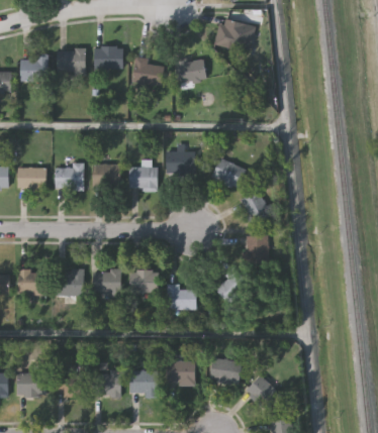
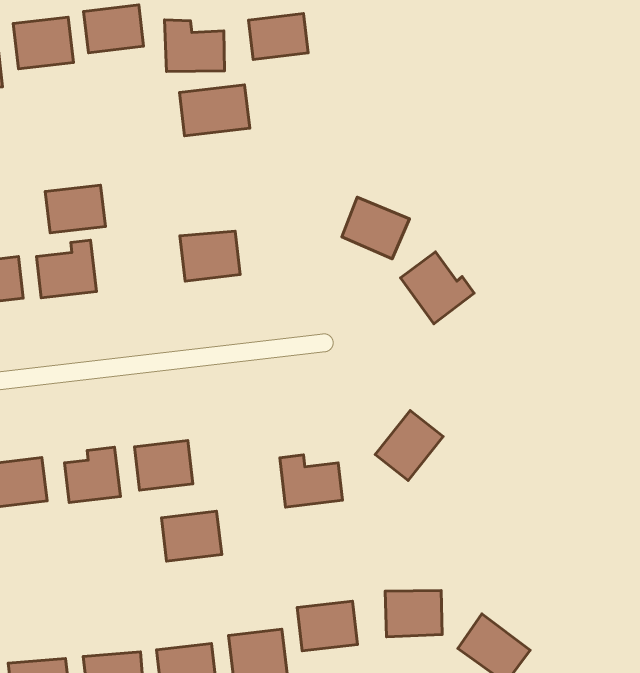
building: [165,152,198,175] -> [180,85,250,136]
building: [91,165,119,186] -> [45,185,105,233]
building: [247,236,268,262] -> none
building: [129,270,158,293] -> [161,511,222,561]

